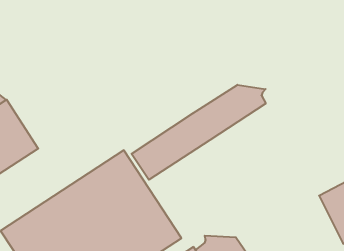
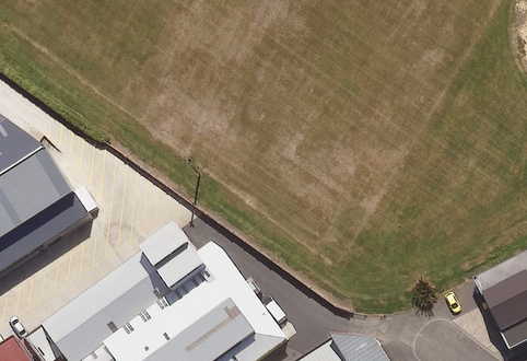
building: [132,85,266,180] -> none

